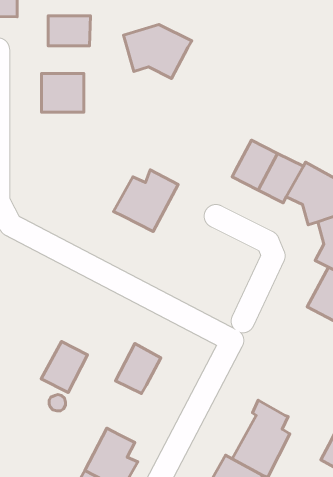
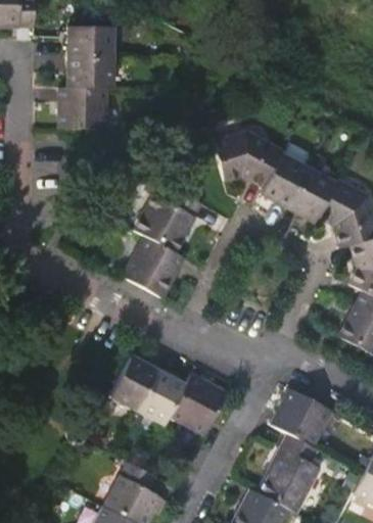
building: [123,24,192,78] -> [213,132,285,189]
building: none -> [65,56,109,86]
building: none -> [124,237,184,297]
building: [41,341,88,392] -> [108,358,157,412]
building: none -> [170,375,227,434]
building: none -> [274,387,336,448]

